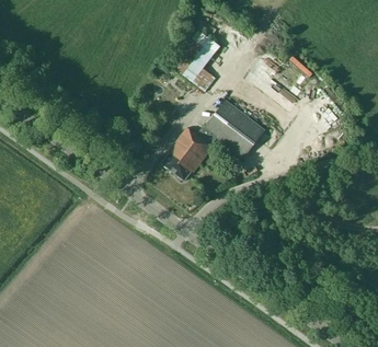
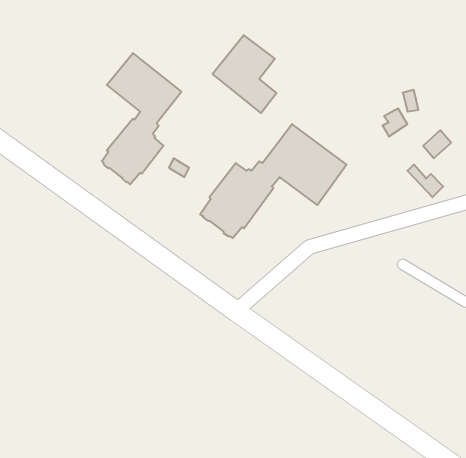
building: none -> [102,53,181,185]

